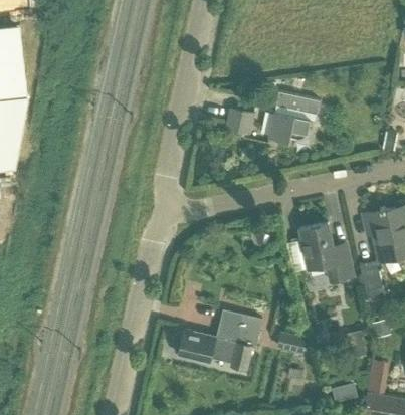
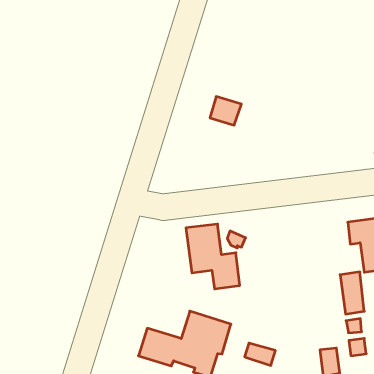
building: [269,91,321,143] -> none
building: [299,222,354,282] -> [186,224,240,289]

